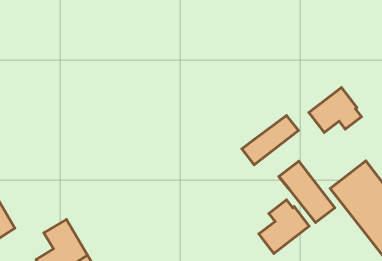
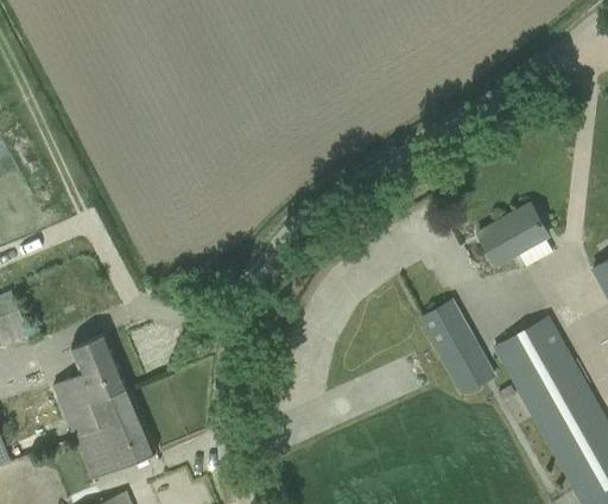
building: [242,115,299,165] -> none
building: [259,200,309,254] -> none

